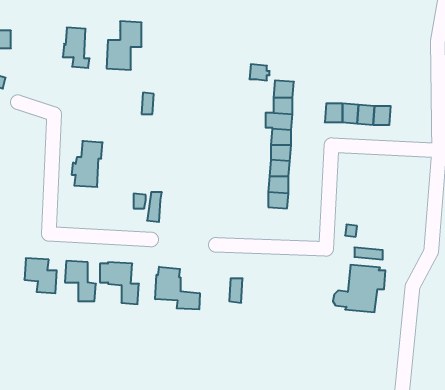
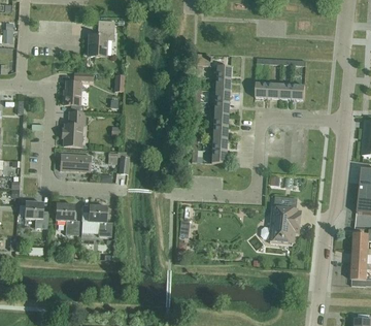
building: [63,28,90,68] -> [63,80,83,111]
building: none -> [60,152,91,170]
building: [155,267,200,309] -> none

